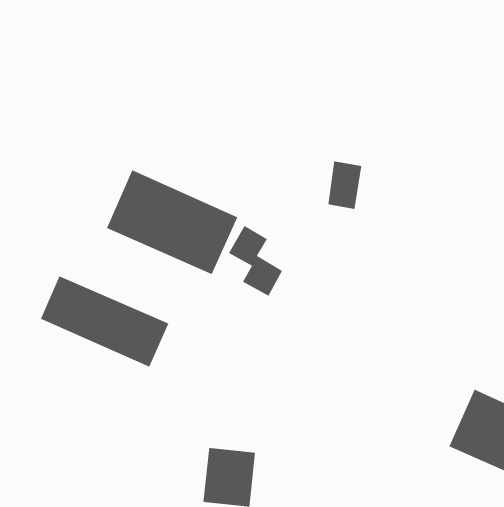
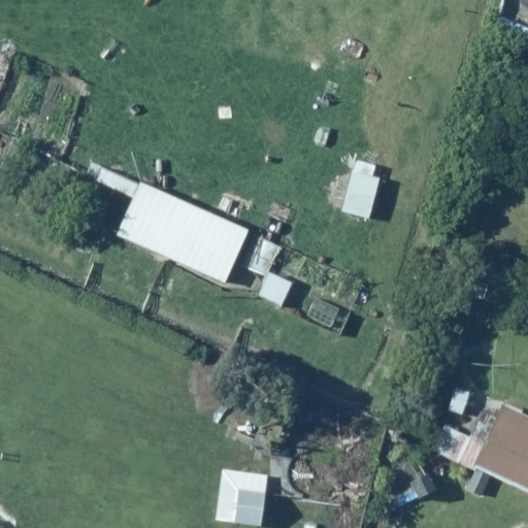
building: [40,275,169,367] -> none

